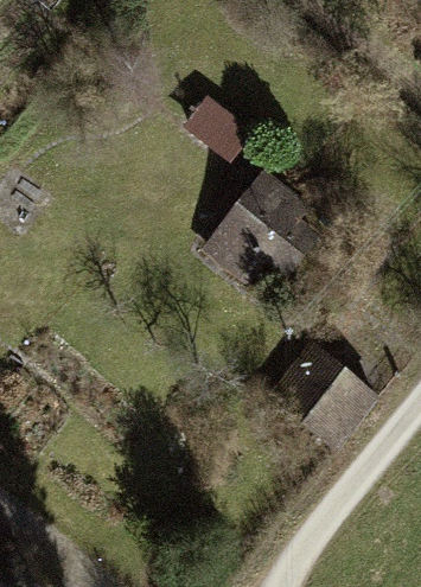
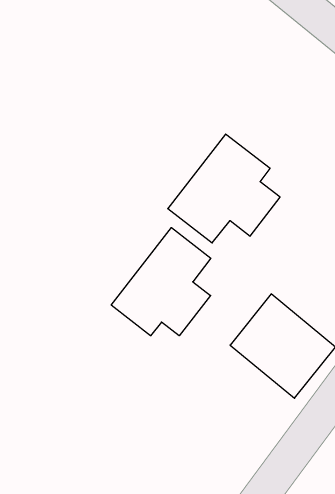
building: none -> [111,228,211,336]

